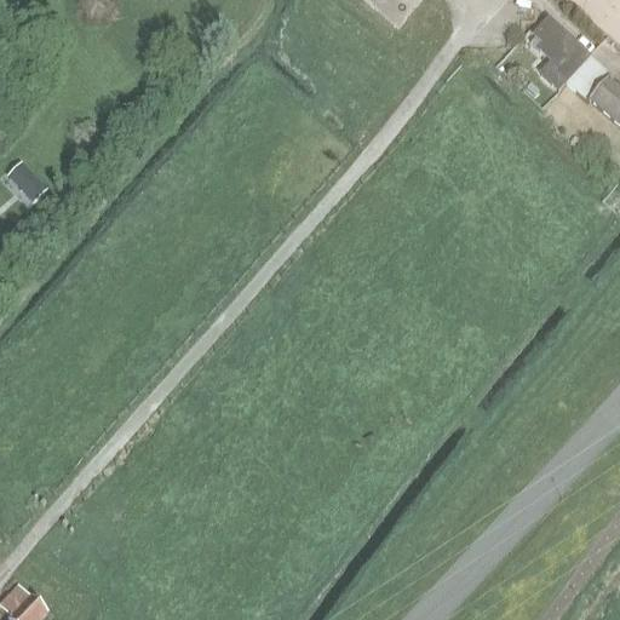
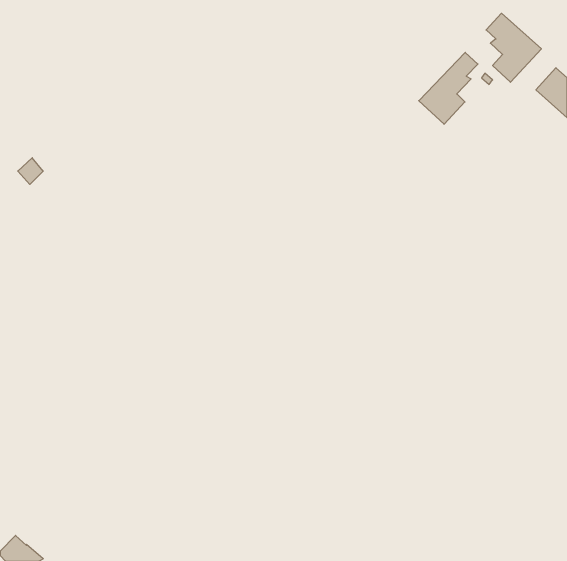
building: none -> [419,52,478,124]

